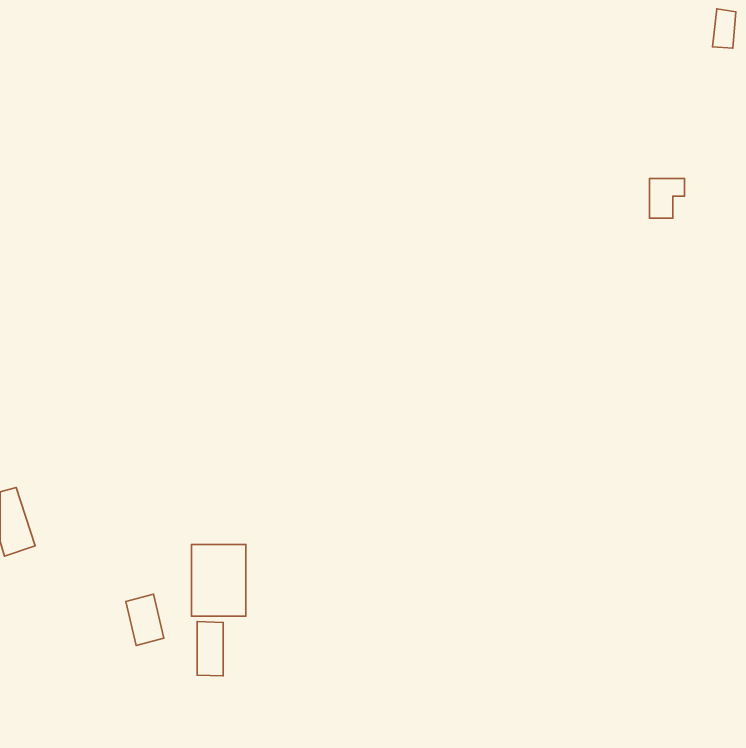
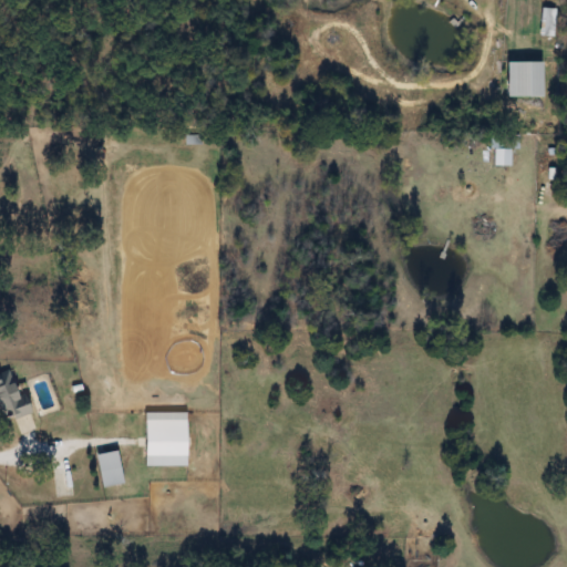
building: none -> [508,62,544,95]
building: [197,622,223,676] -> none

